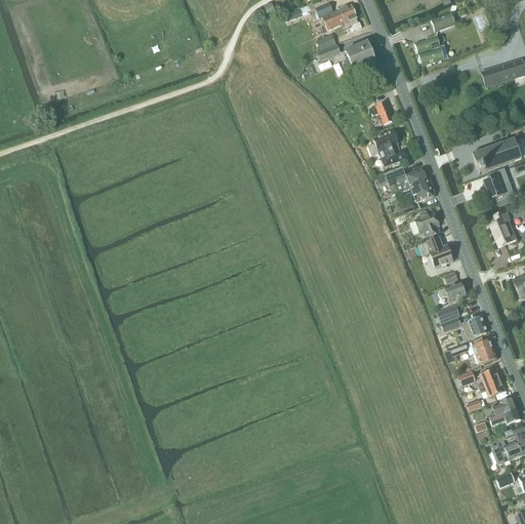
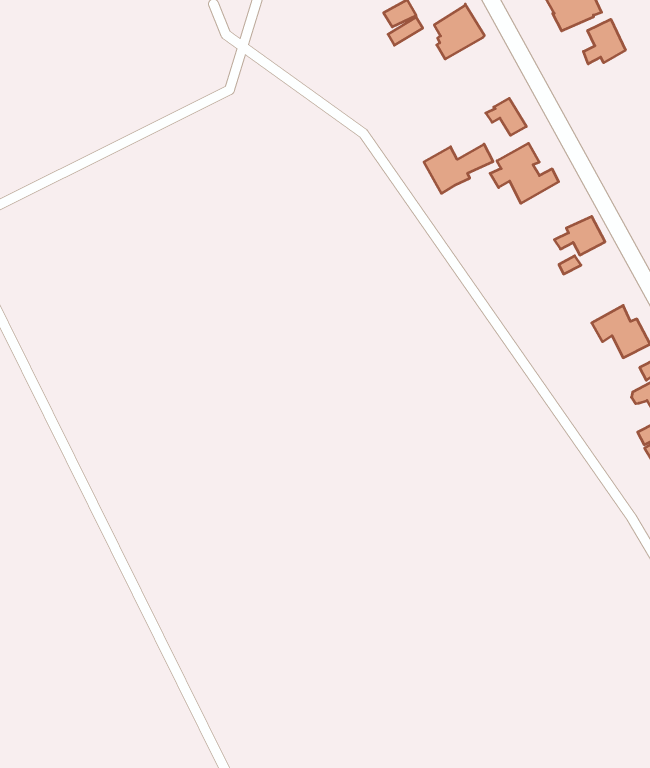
building: none -> [583,19,625,64]
building: [385,166,427,194] -> [424,144,493,193]
building: [414,211,439,236] -> none

